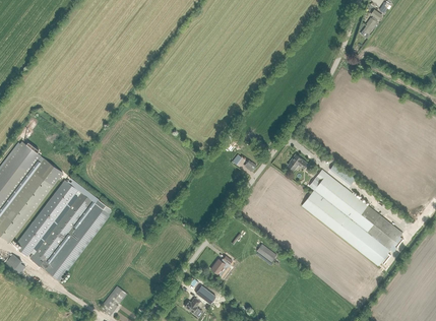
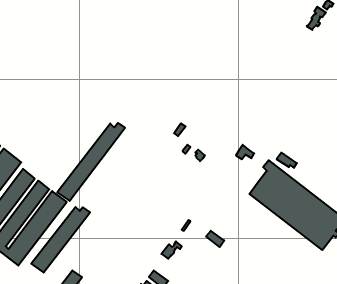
building: none -> [57,123,125,201]
building: none -> [31,207,90,273]

